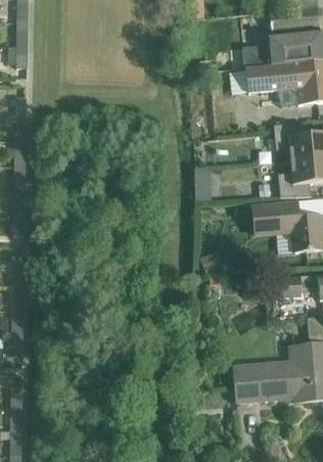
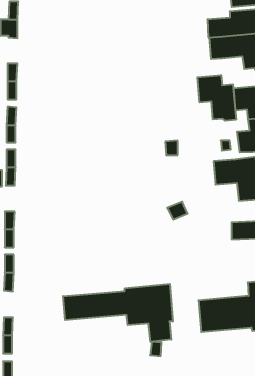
building: none -> [197,75,236,121]
building: none -> [63,284,173,342]

